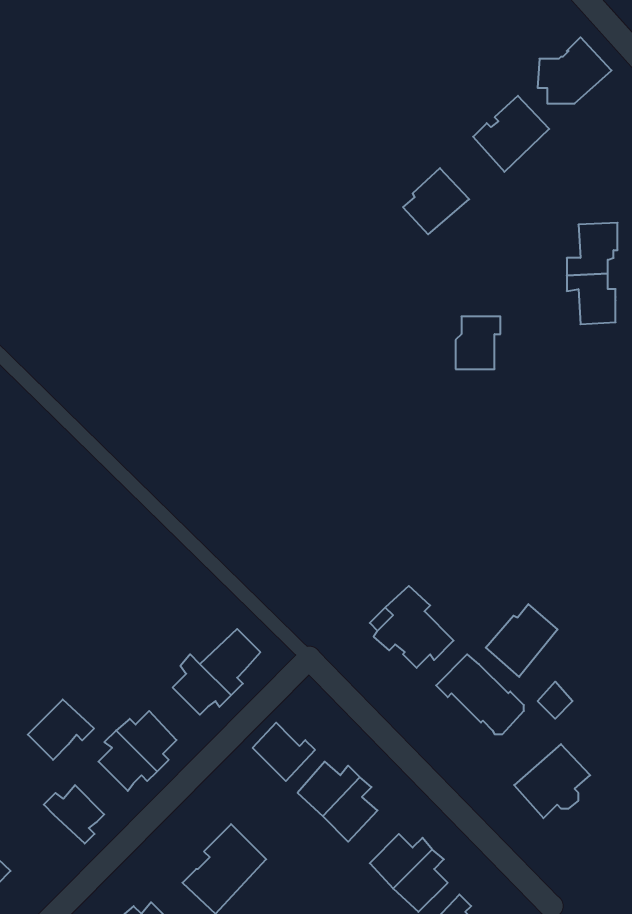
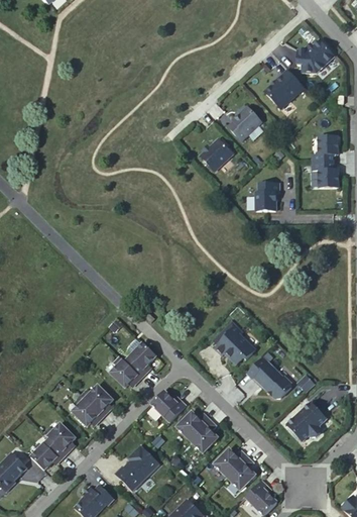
building: none -> [201,137,233,170]
building: [486,604,558,677] -> none
building: [28,699,94,760] -> [30,439,65,471]

